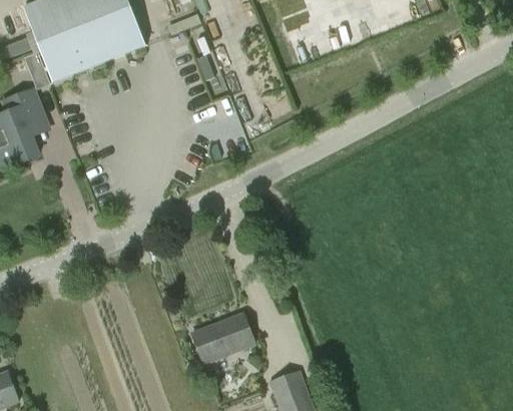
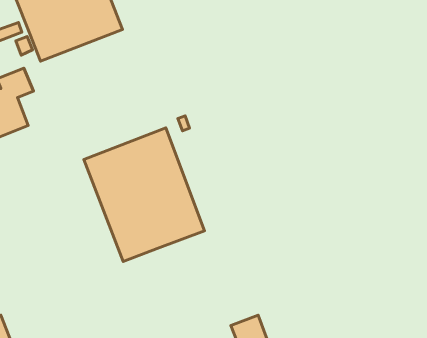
building: none -> [84,128,204,262]
building: [191,313,255,364] -> none

